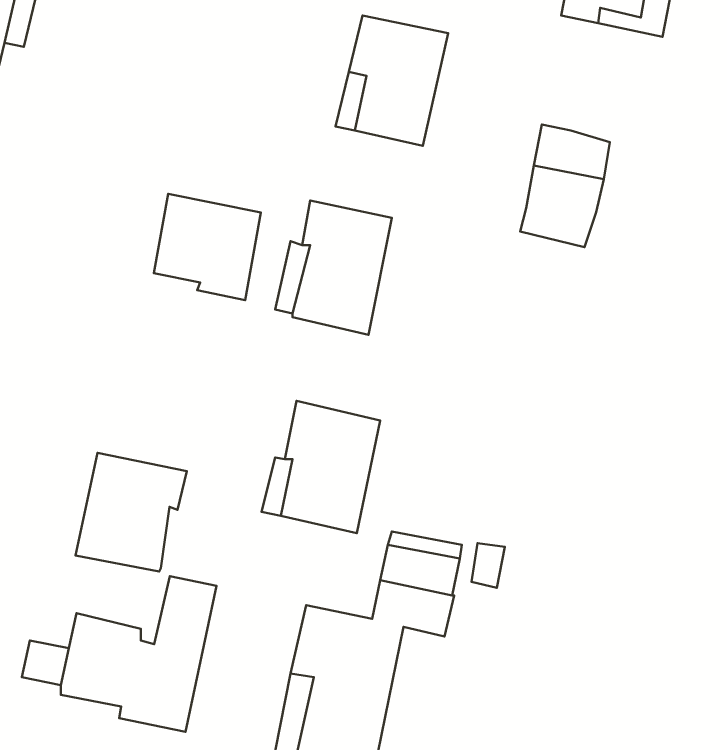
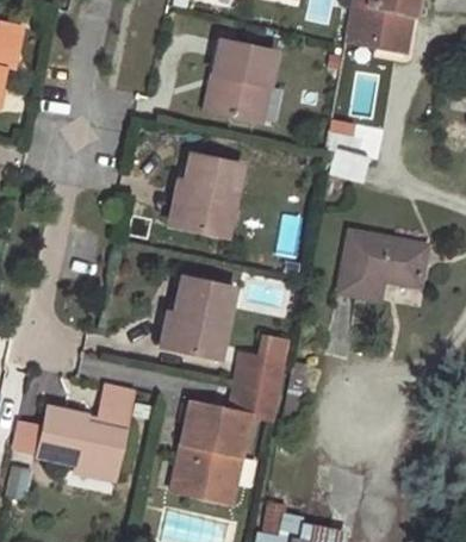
building: [154,194,261,300] -> none
building: none -> [341,231,428,299]
building: [76,453,187,571] -> none

